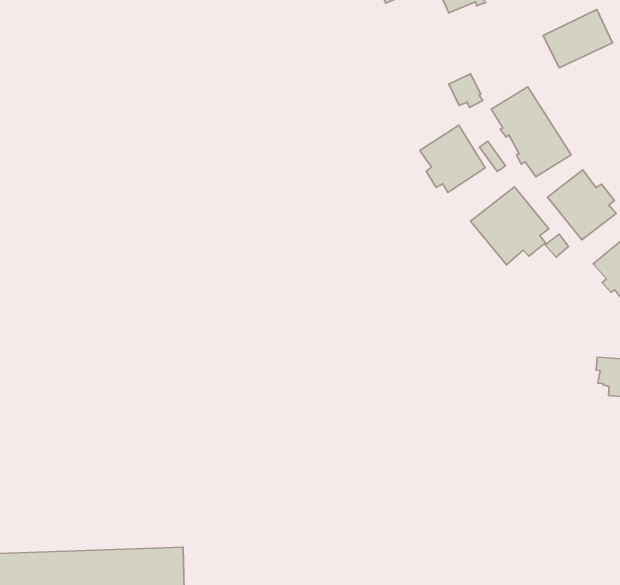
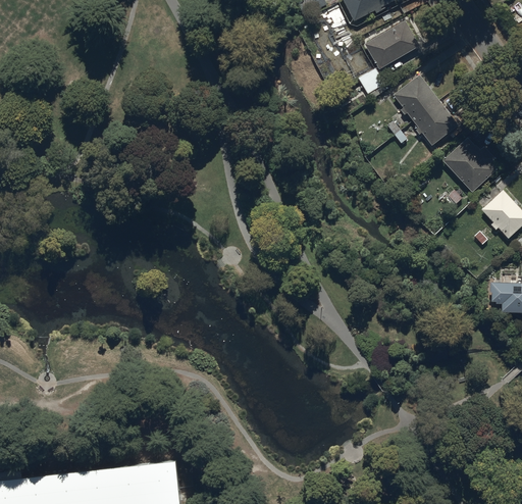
building: [543,9,613,68] -> [364,22,419,70]
building: [420,125,485,192] -> none
building: [470,187,549,265] -> none

